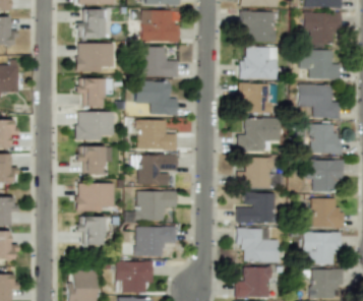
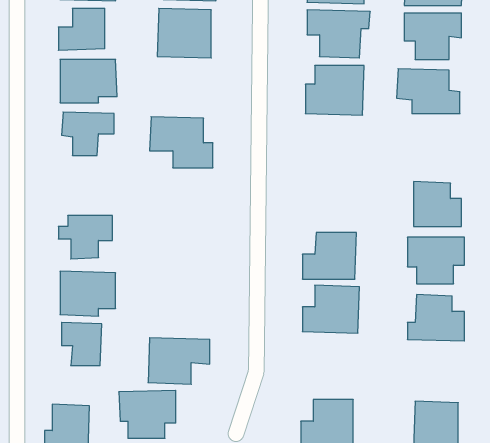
building: [140,47,178,77] -> none
building: [238,83,275,114] -> none
building: [298,85,341,119] -> none
building: [77,112,114,140] -> none
building: [237,118,281,153] -> none
building: [137,120,178,150] -> none
building: [138,155,178,186] -> none
building: [136,191,177,221] -> none
building: [236,229,278,262] -> none
building: [303,233,341,264] -> none

